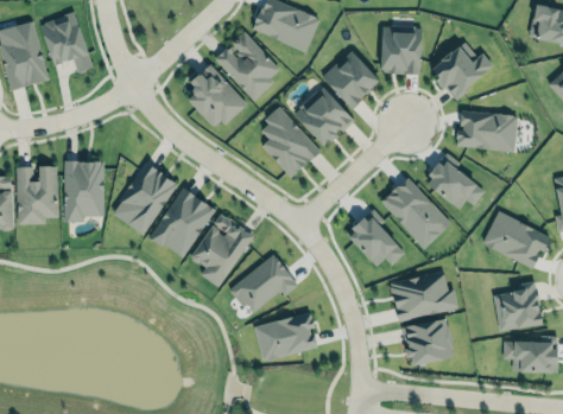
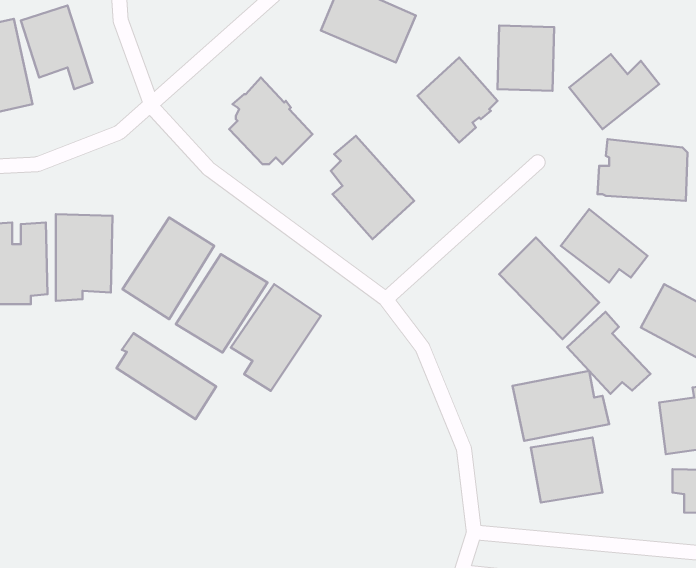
building: [214,31,280,101] -> none
building: [295,87,353,145] -> none
building: [346,209,405,267] -> [567,312,651,394]
building: none -> [116,333,216,419]
building: [228,253,296,312] -> none
building: [254,312,318,362] -> none

